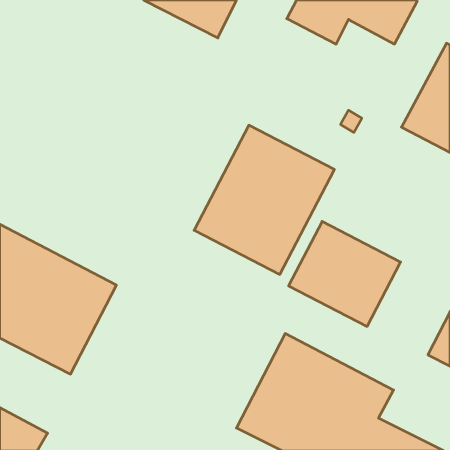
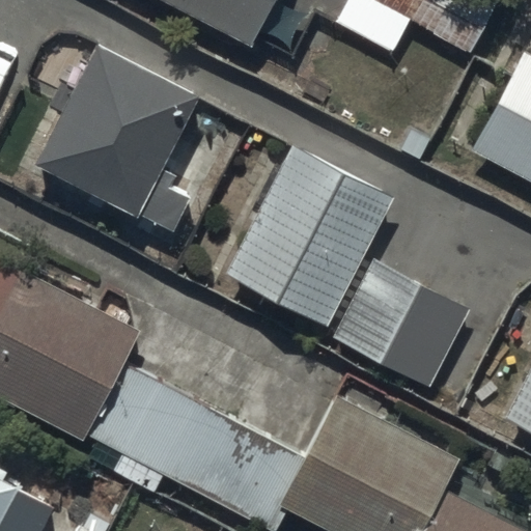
building: none -> [33,44,201,237]
building: none -> [95,371,296,525]

